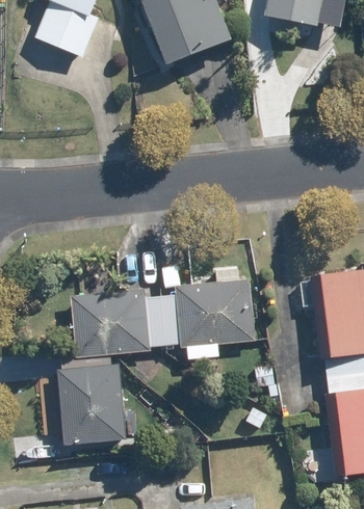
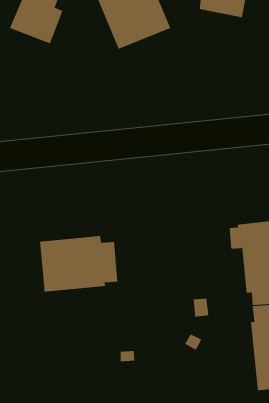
building: [161,267,255,348] -> none
building: [55,351,126,445] -> none

